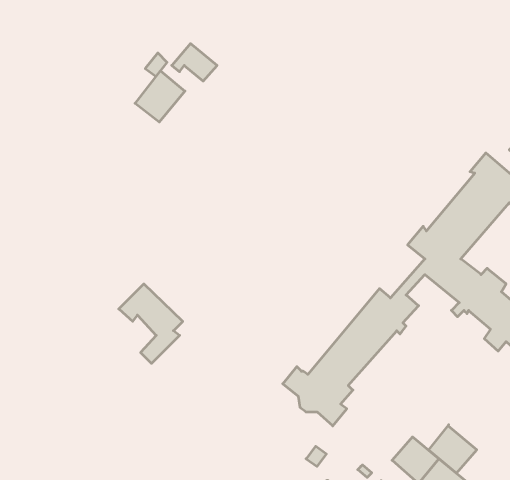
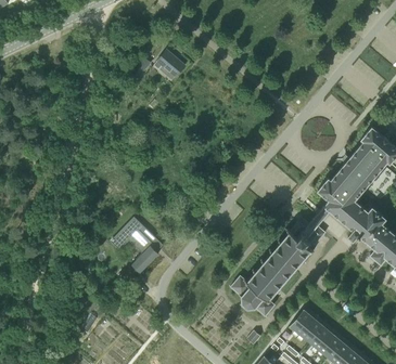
building: [135,71,185,122] -> none
building: [428,425,477,473] -> [288,307,321,340]

